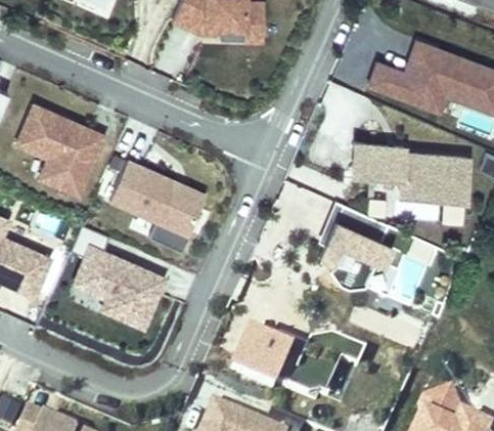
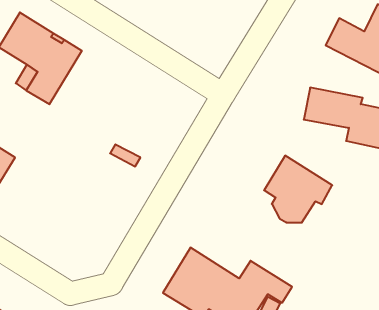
building: [109,160,206,234] -> none
building: [71,224,164,325] -> none

